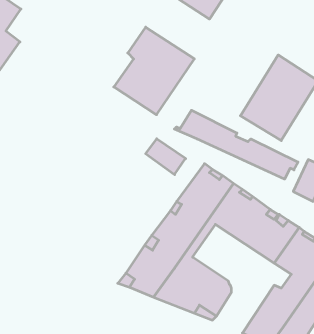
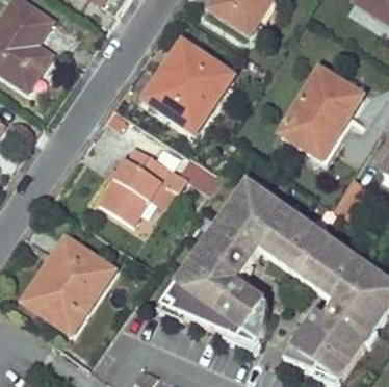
building: [174,110,298,179] -> none
building: none -> [97,148,186,226]
building: none -> [37,237,113,333]

